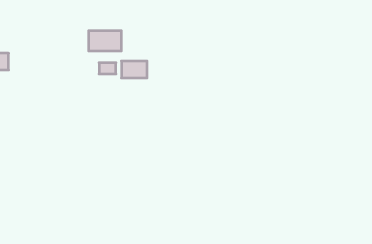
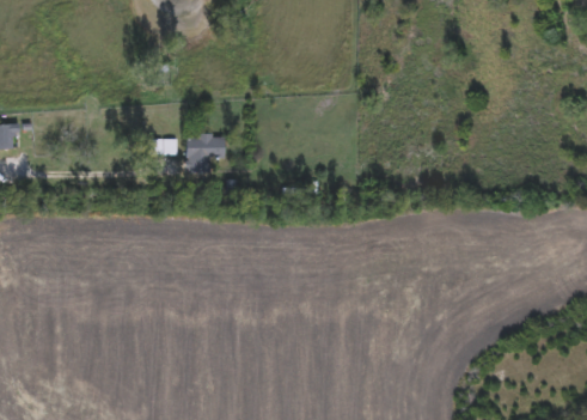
building: [89,31,121,51] -> none

